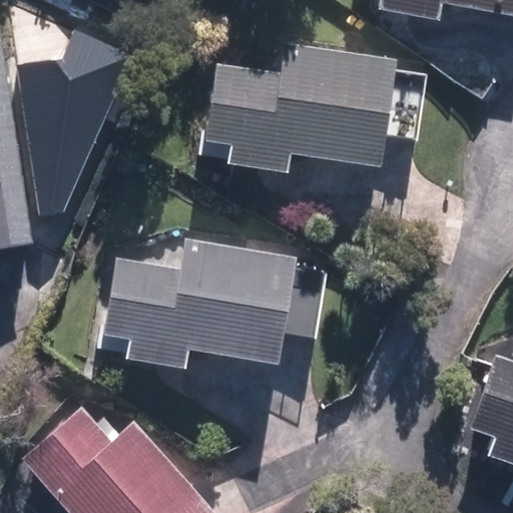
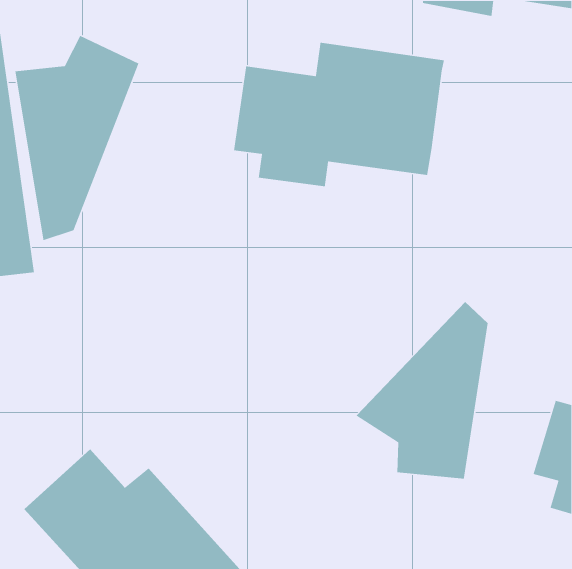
building: [105,238,297,368] -> none
building: none -> [355,301,489,479]

